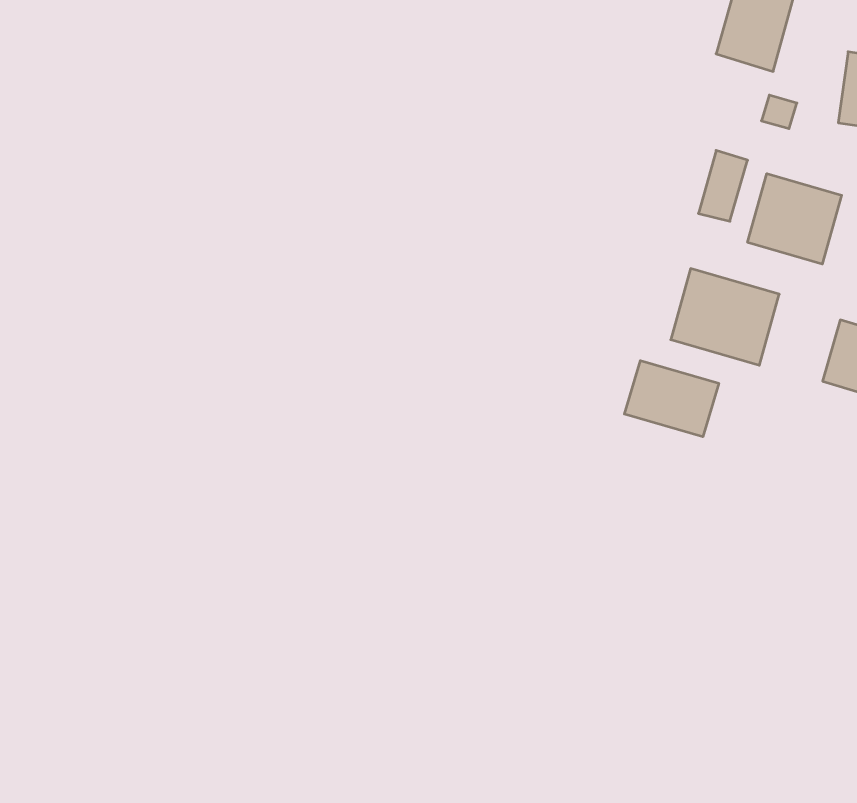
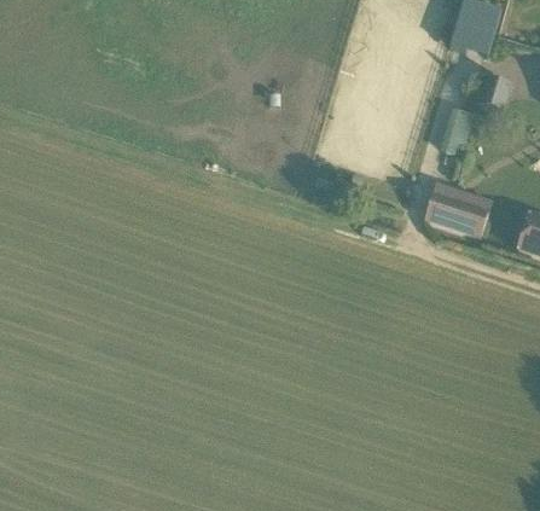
building: [748,174,842,264] -> none
building: [624,361,719,437] -> none

